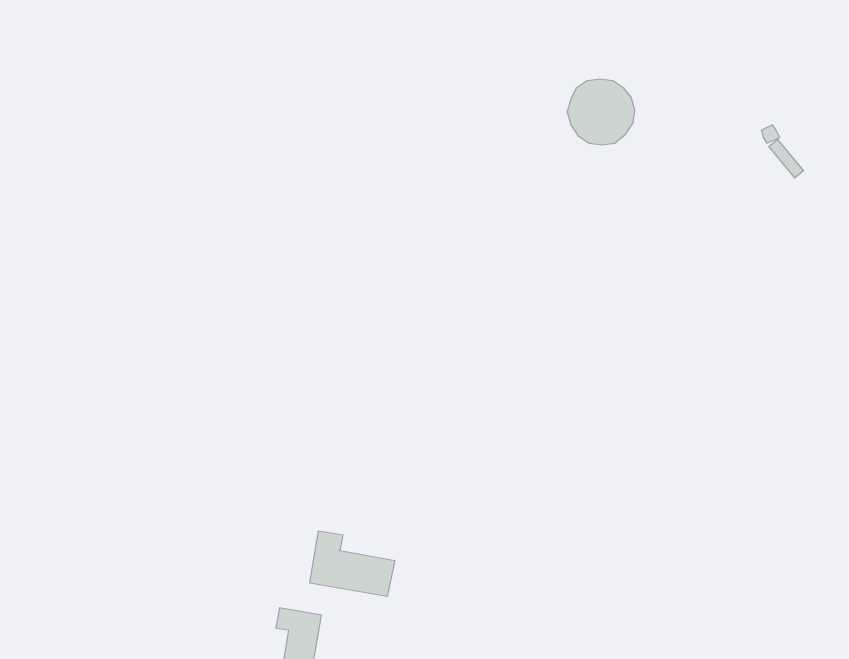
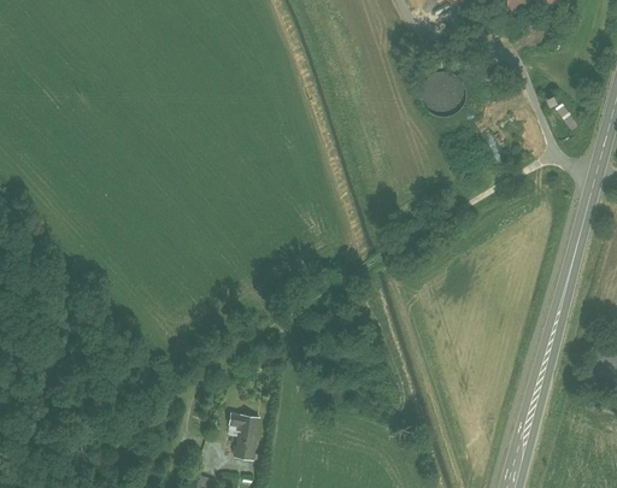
building: [310,531,395,596] -> none

